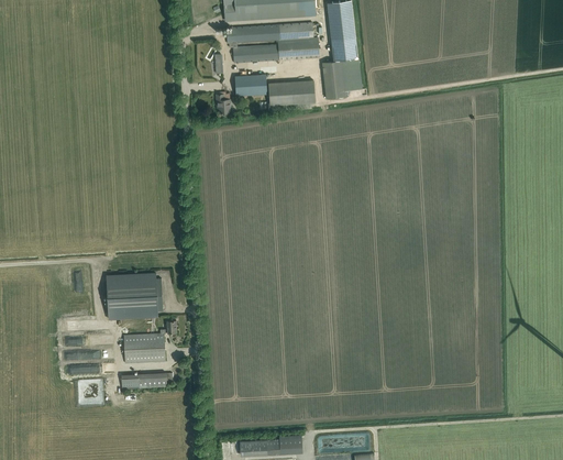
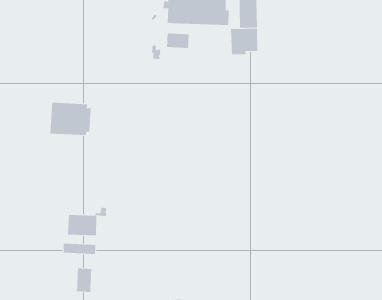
building: [268,78,314,110] -> none
building: [107,273,163,318] -> [49,102,92,136]
building: none -> [76,268,92,293]

